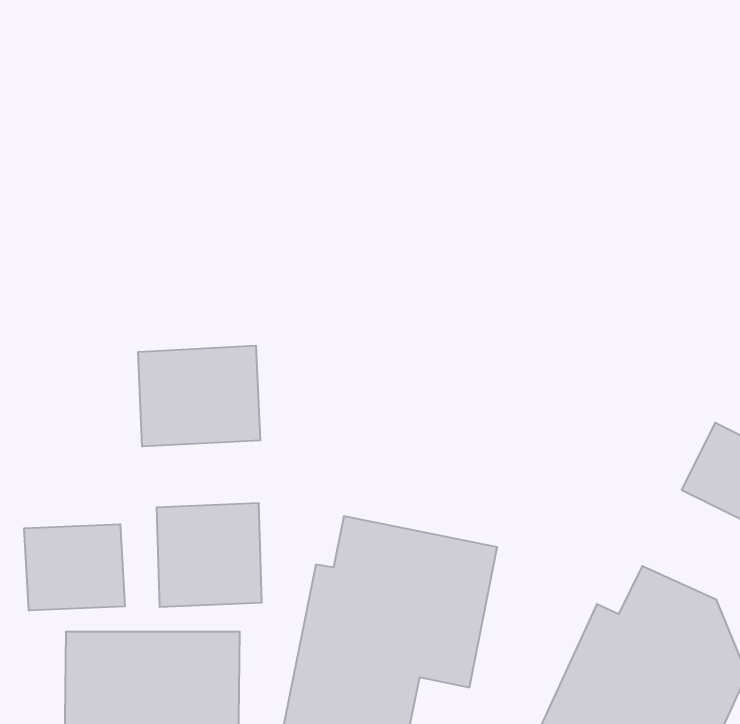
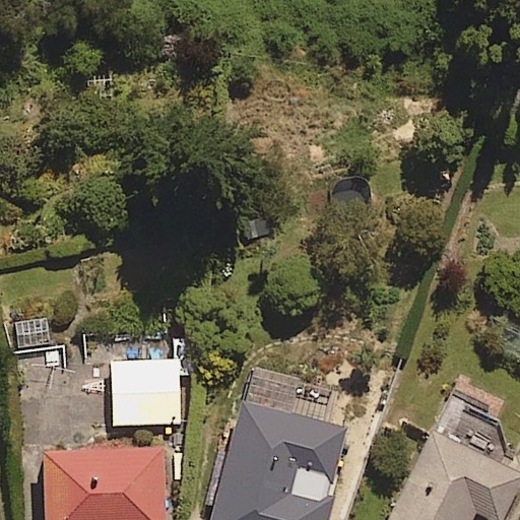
building: [138,346,260,447] -> none
building: [24,524,125,611] -> none

